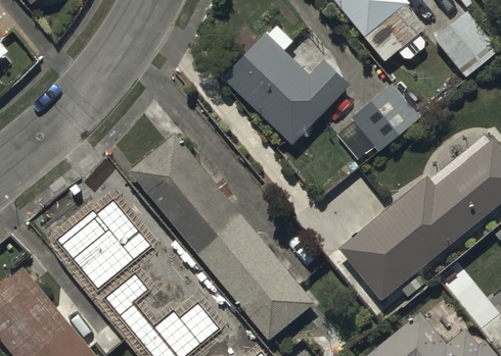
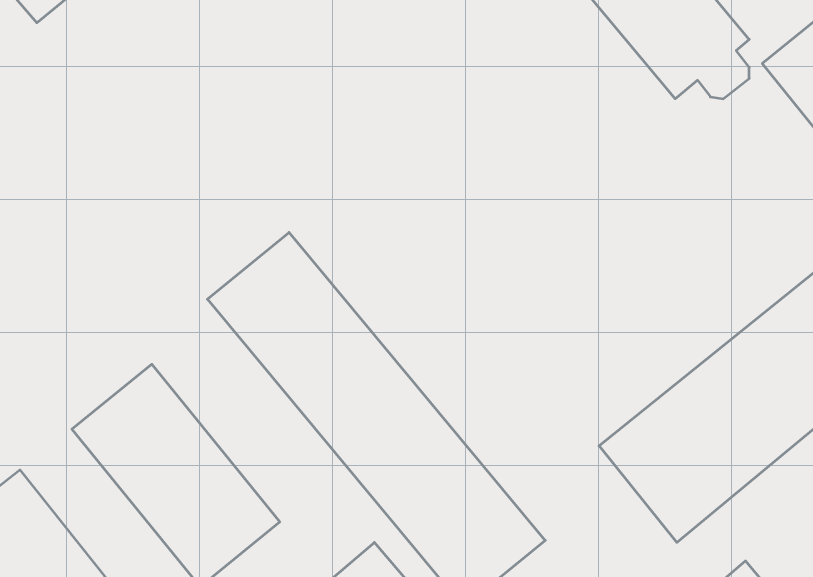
building: [221,28,352,147] -> none
building: [331,79,418,163] -> none

